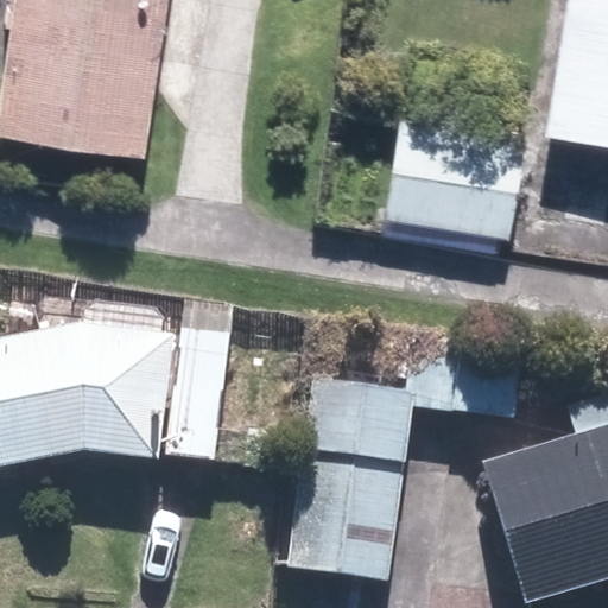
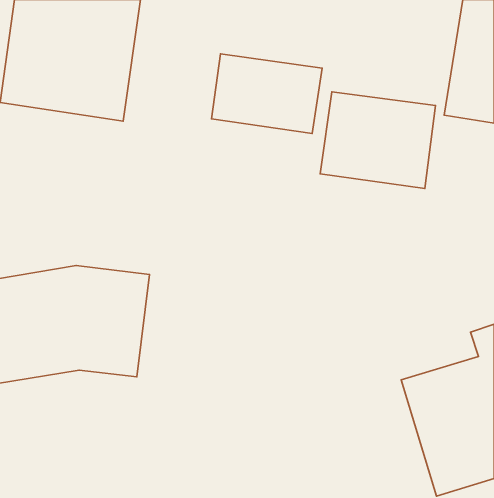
building: none -> [212,54,322,134]
building: [286,338,527,581] -> none

